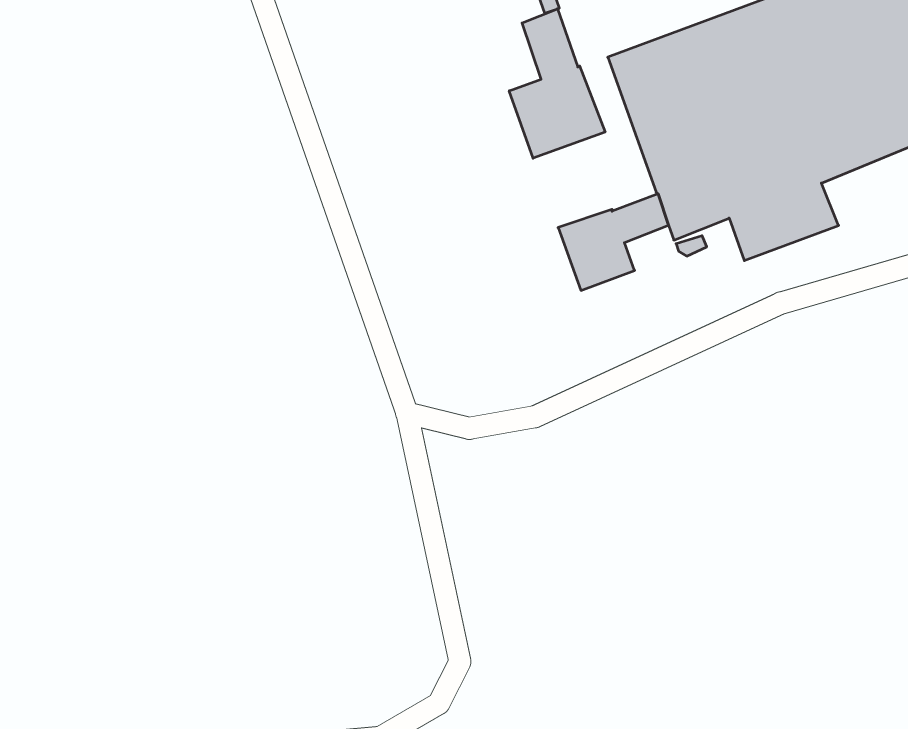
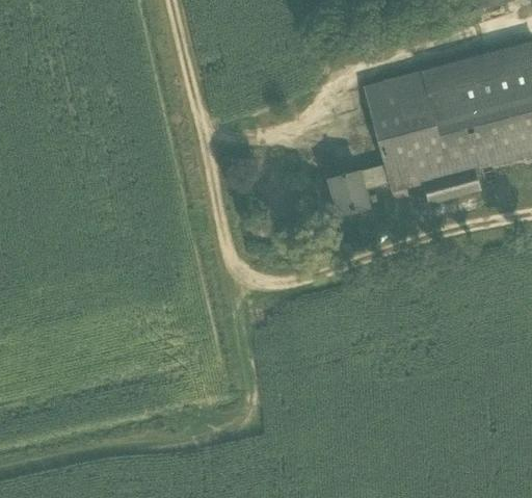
building: [509,9,605,158] -> none

